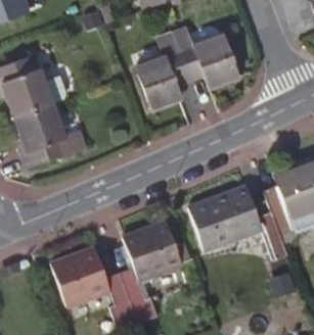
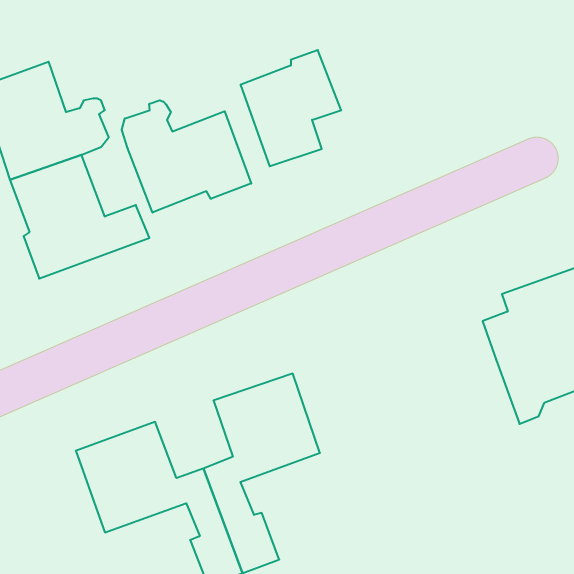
building: [178,36,237,89] -> none
building: none -> [122,100,251,213]
building: [189,188,287,260] -> none

